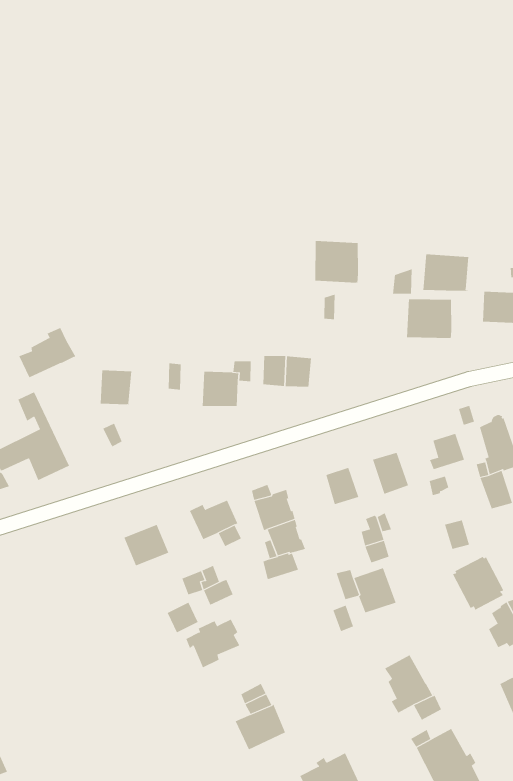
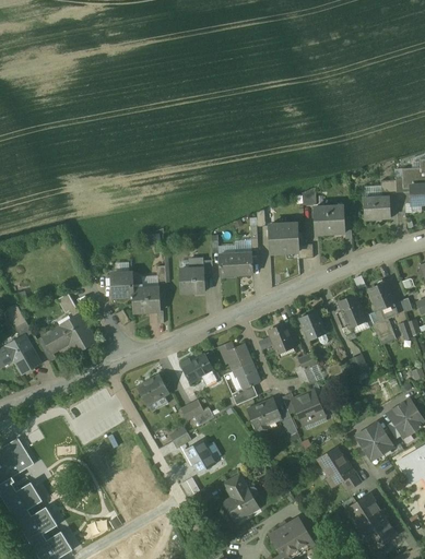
building: [314,240,359,283] -> [268,224,299,252]
building: [423,254,469,291] -> none
building: [19,327,76,378] -> none
building: none -> [132,285,161,312]
building: [452,556,504,610] -> [356,423,392,460]
building: none -> [247,399,280,433]

